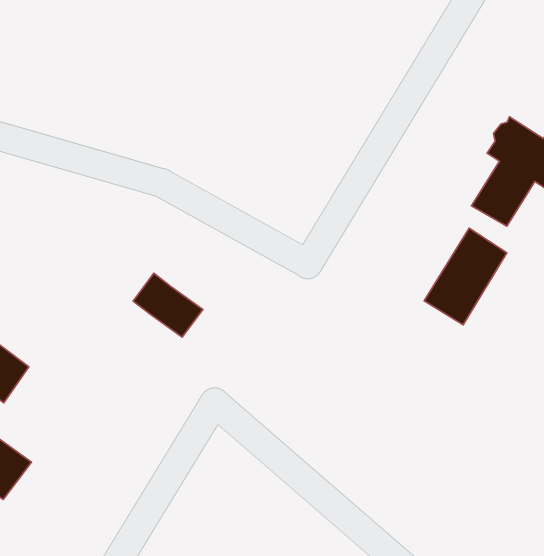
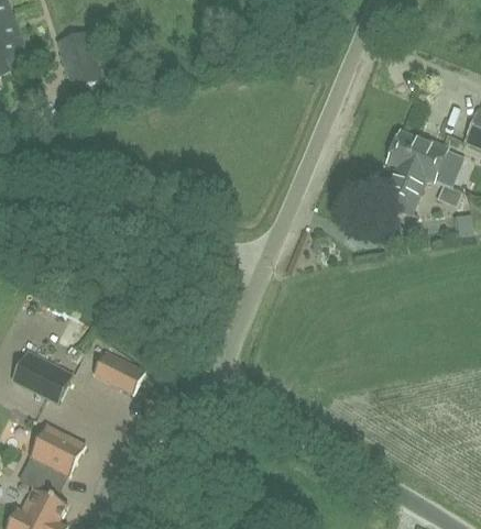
building: [424,228,507,325] -> none
building: [133,273,203,337] -> [92,349,145,393]

